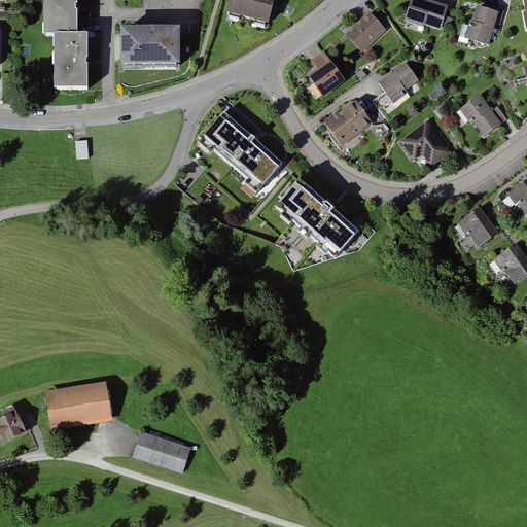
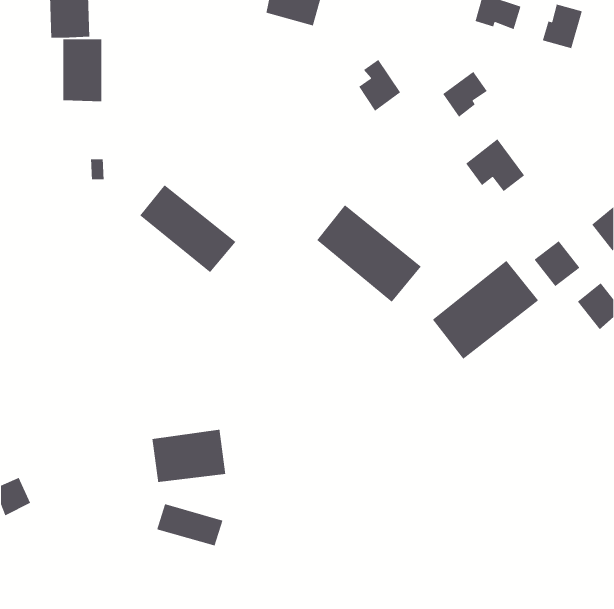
building: [345,10,386,50] -> none
building: [122,29,182,66] -> none
building: [459,92,502,134] -> none
building: [322,99,371,145] -> none
building: [199,112,282,188] -> [139,184,237,273]
building: none -> [432,260,539,360]
building: [47,381,111,427] -> [152,429,226,483]

